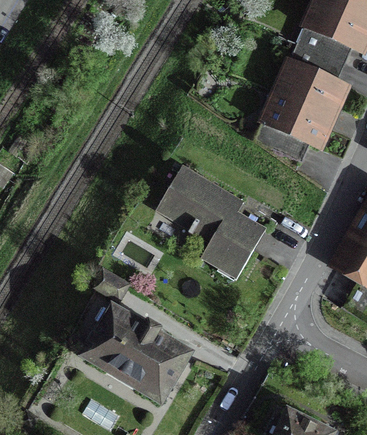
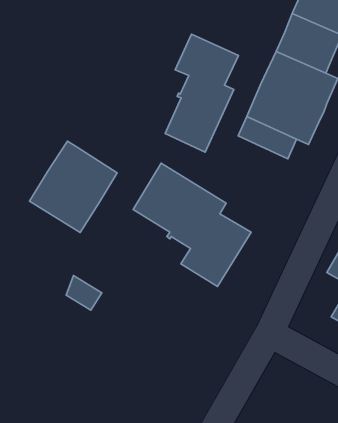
building: none -> [165,34,239,152]
building: none -> [29,141,117,232]
building: [88,307,187,394] -> none

